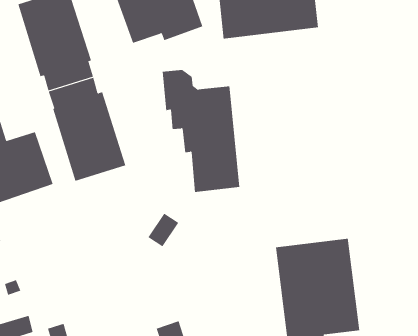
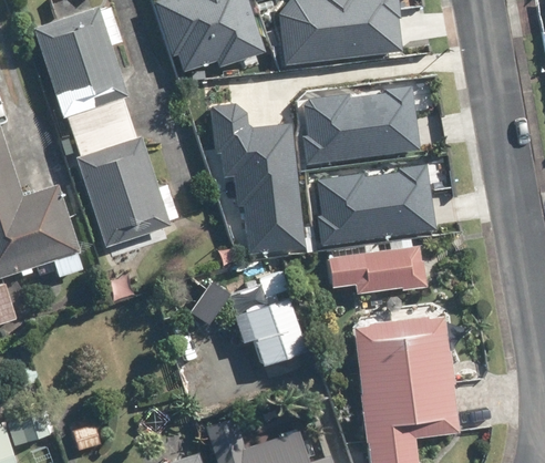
building: none -> [305,88,424,167]
building: none -> [319,165,438,247]
building: none -> [327,244,422,291]
building: none -> [243,296,305,362]

